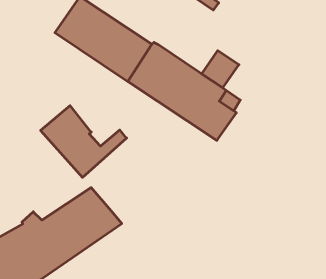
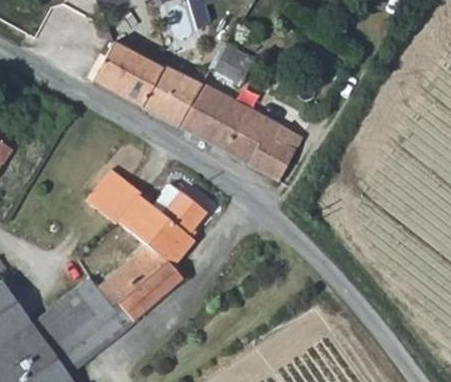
building: [201,51,239,88] -> [213,44,253,83]
building: none -> [138,187,207,266]

